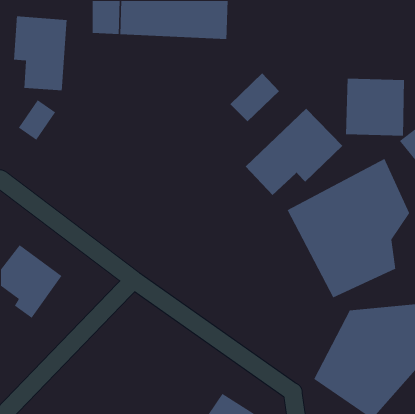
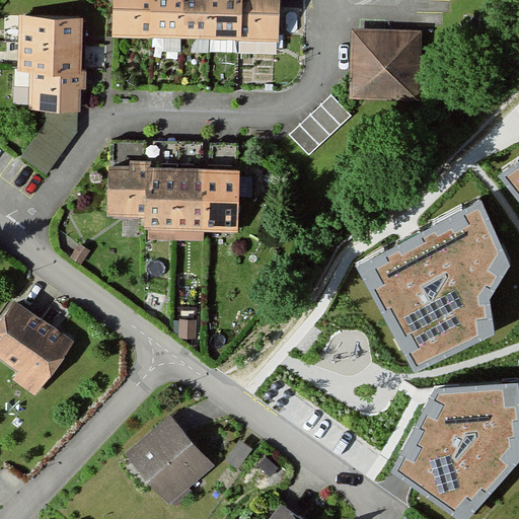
building: [345,78,405,136] -> [346,24,420,97]
building: [245,108,343,196] -> none
building: none -> [101,148,238,236]
building: none -> [124,410,213,499]

